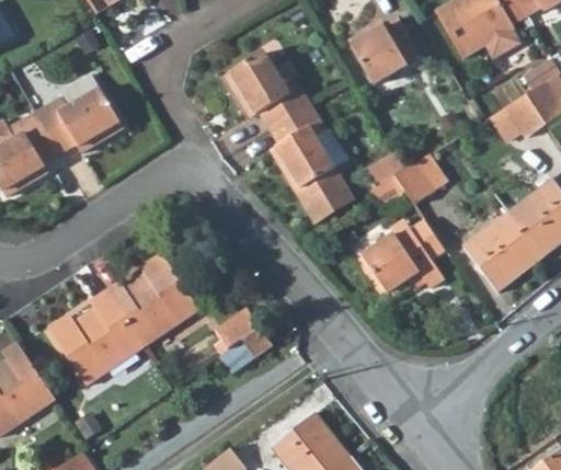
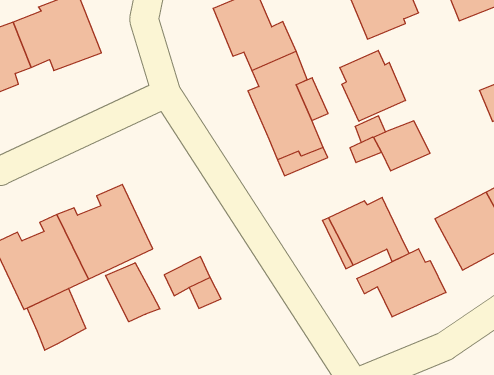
building: none -> [340,50,405,121]
building: none -> [357,249,446,317]
building: none -> [106,263,160,322]
building: none -> [27,288,86,350]

